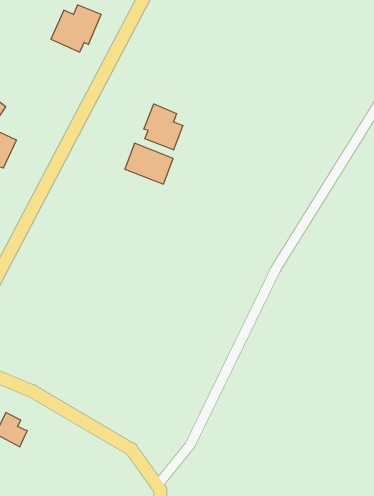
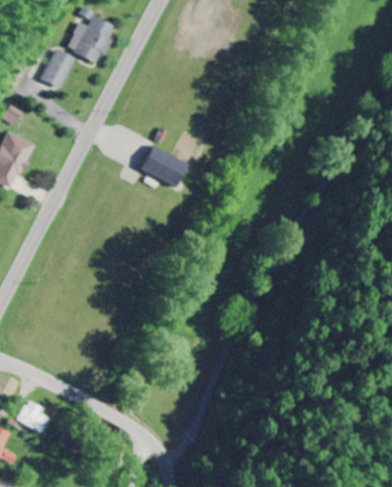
building: none -> [43,48,77,88]
building: [144,104,183,150] -> none

